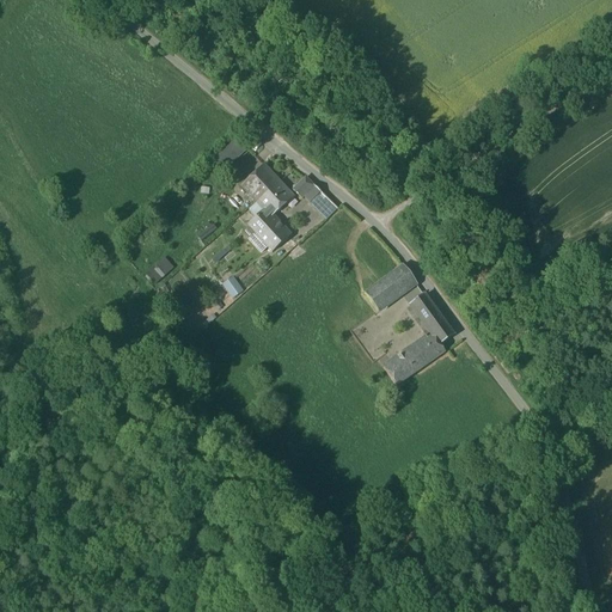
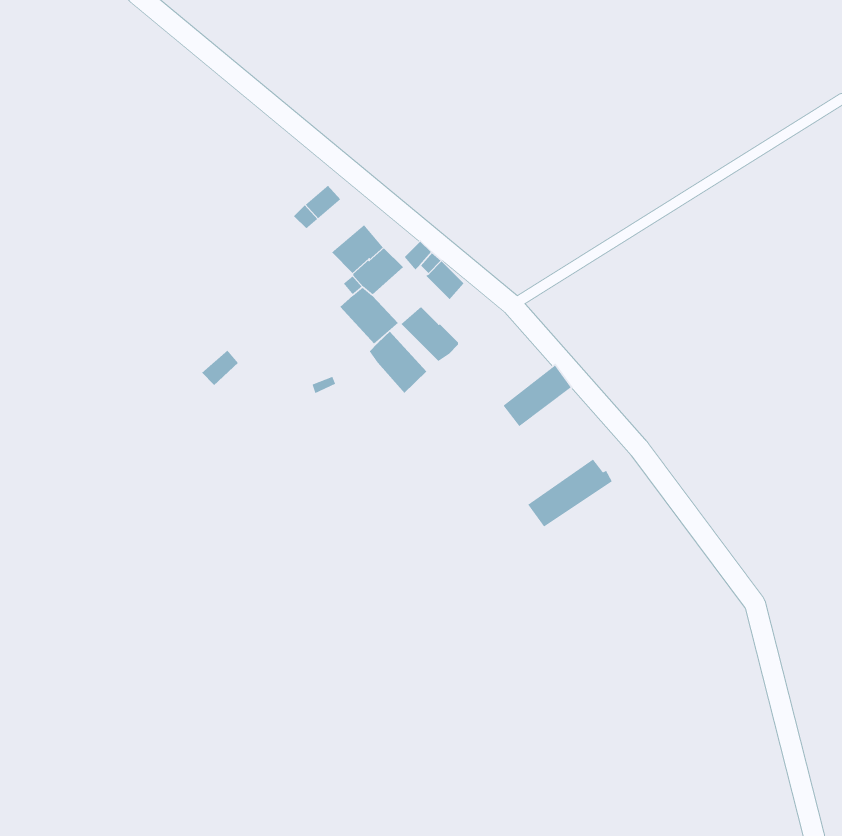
building: none -> [400,306,459,362]
building: none -> [369,331,427,394]
building: [410,292,453,342] -> none

